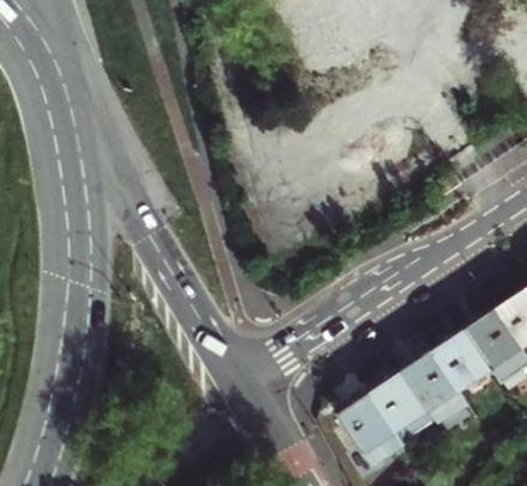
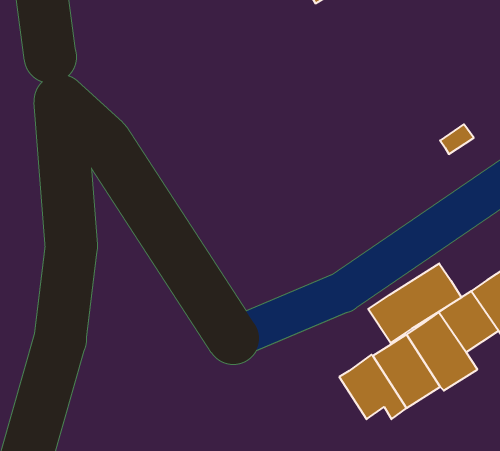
building: none -> [368,263,461,343]

